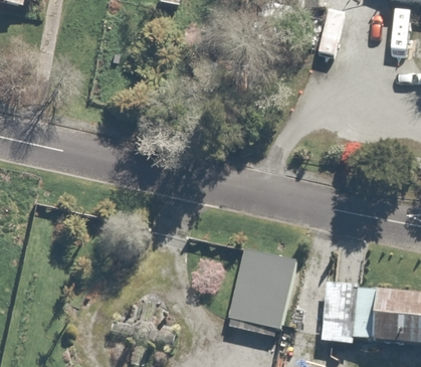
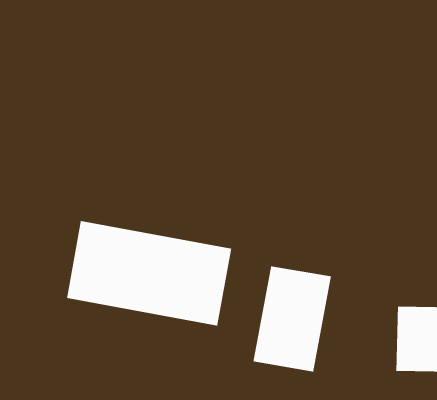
building: none -> [66,220,232,326]

